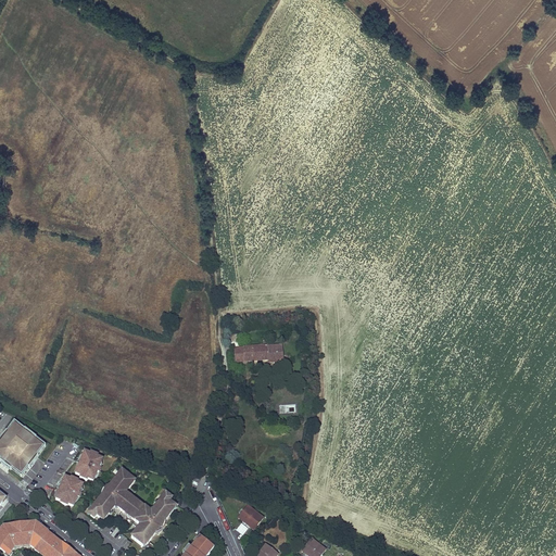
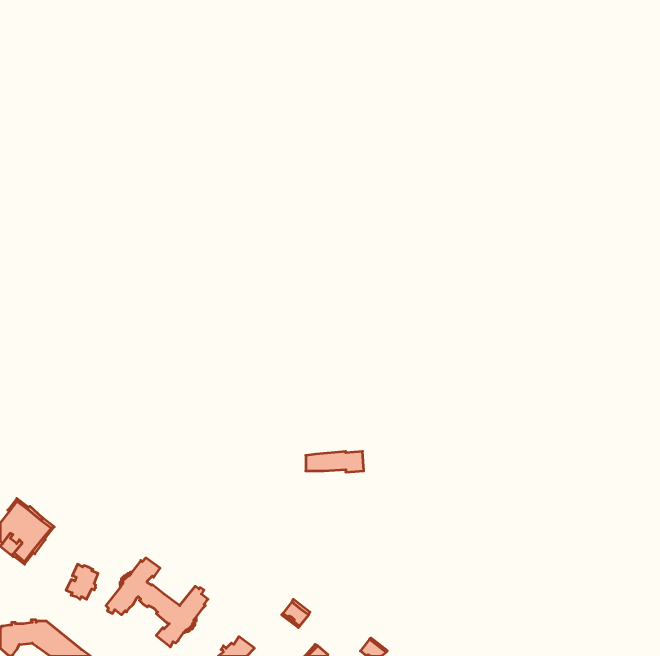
building: [235,342,283,359] -> [306,451,364,472]
building: [75,450,102,479] -> none

